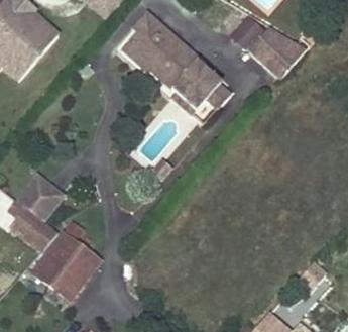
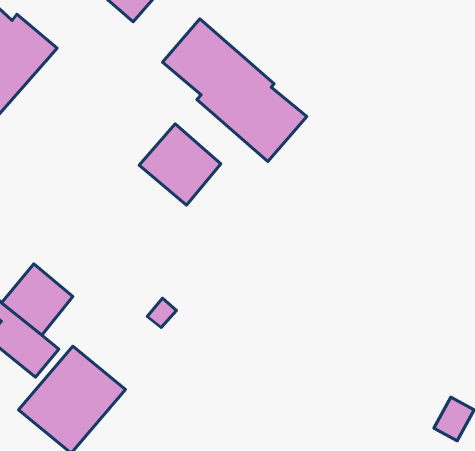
building: [246,24,305,77] -> none
building: none -> [139,124,221,205]

